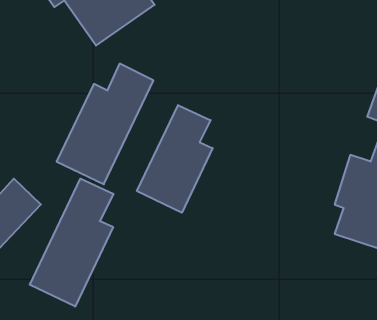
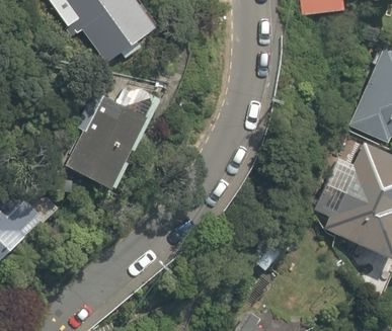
building: [137,105,213,213] -> none
building: [30,179,113,307] -> none

